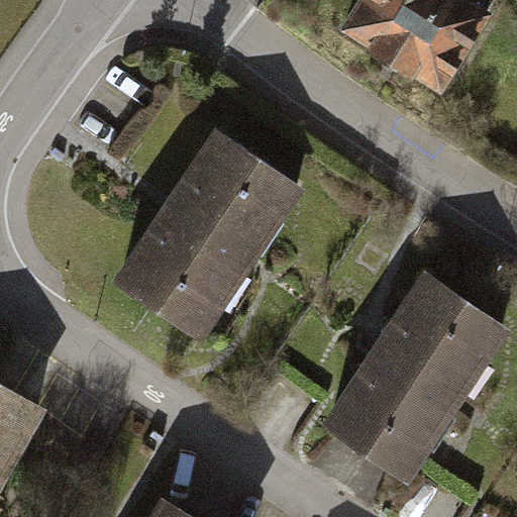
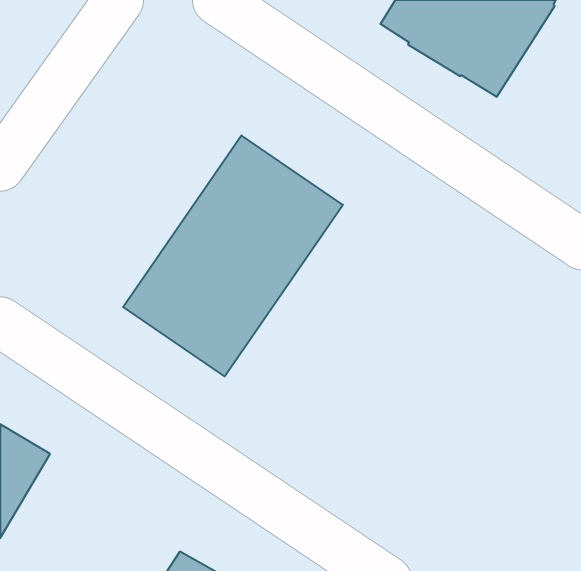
building: [320,272,511,483] -> none

